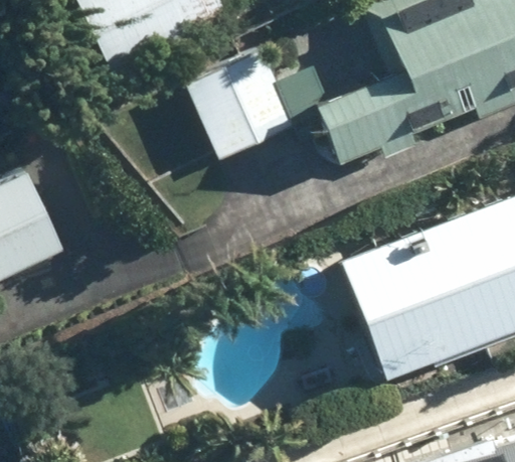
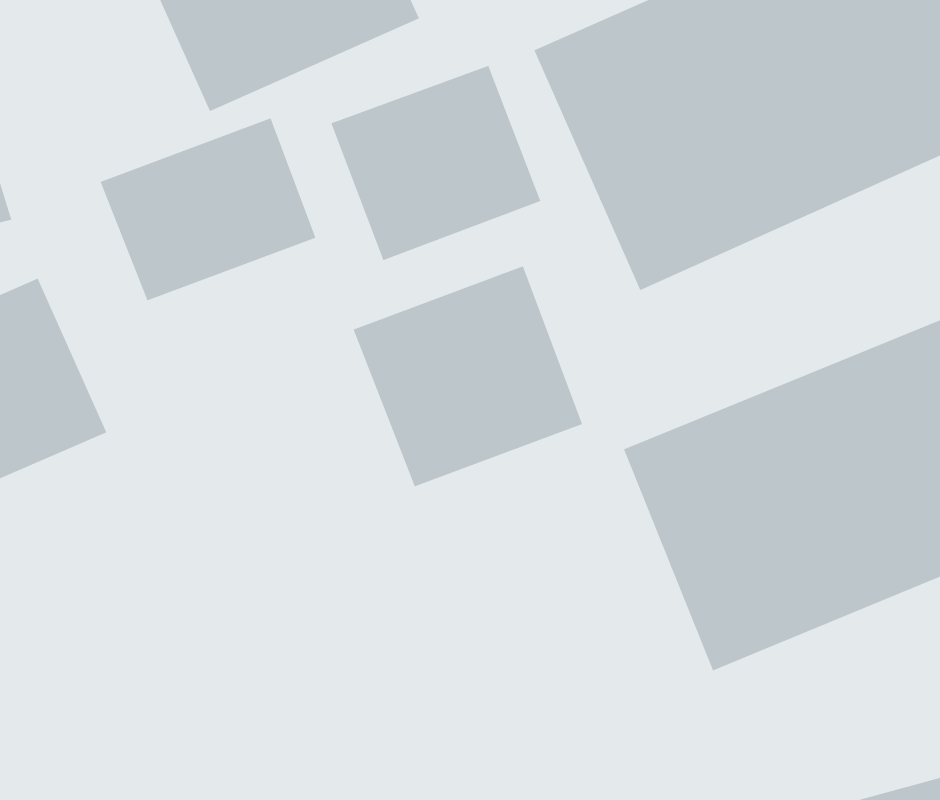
building: none -> [100,117,316,301]
building: none -> [353,265,583,487]

